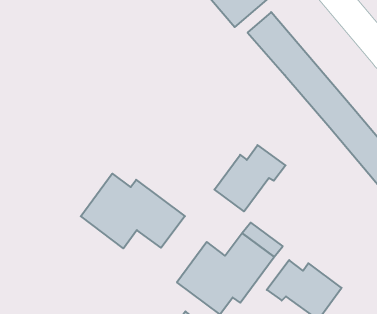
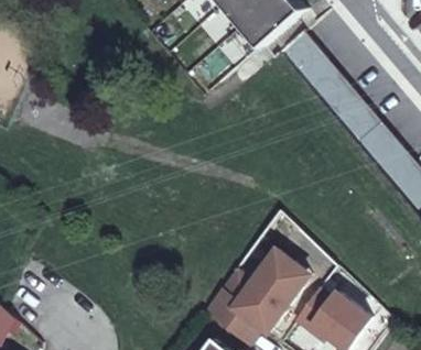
building: [214,145,286,211] -> none
building: [81,174,185,248] -> none

